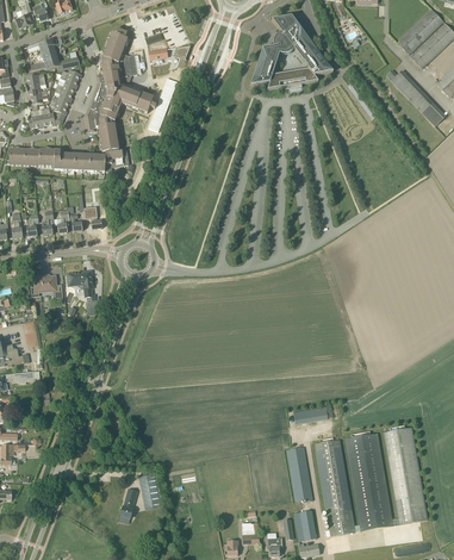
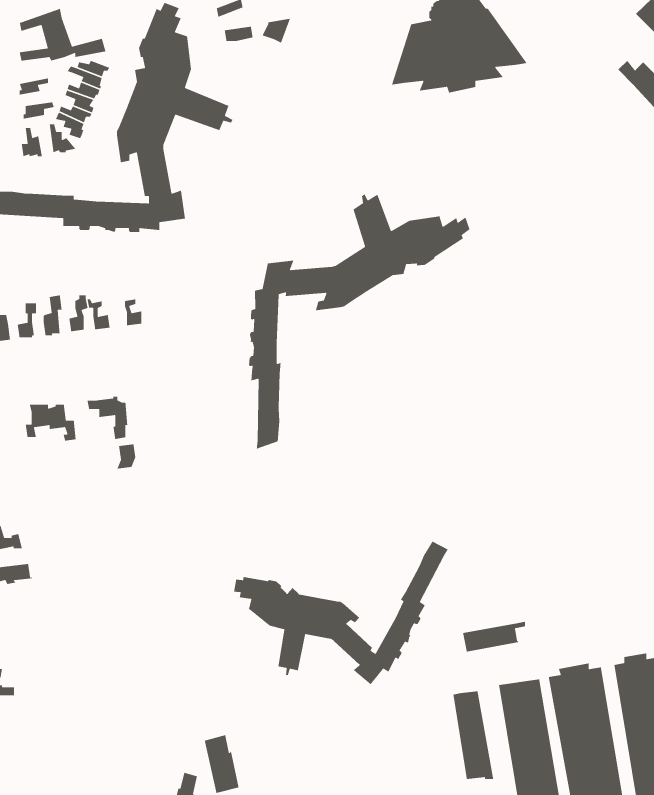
building: none -> [248,193,470,450]
building: none -> [233,541,449,687]

